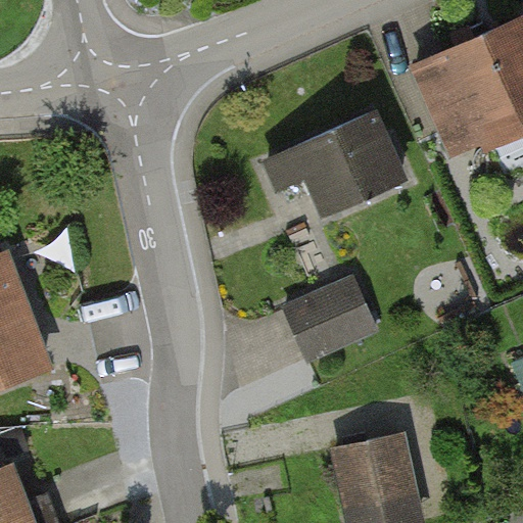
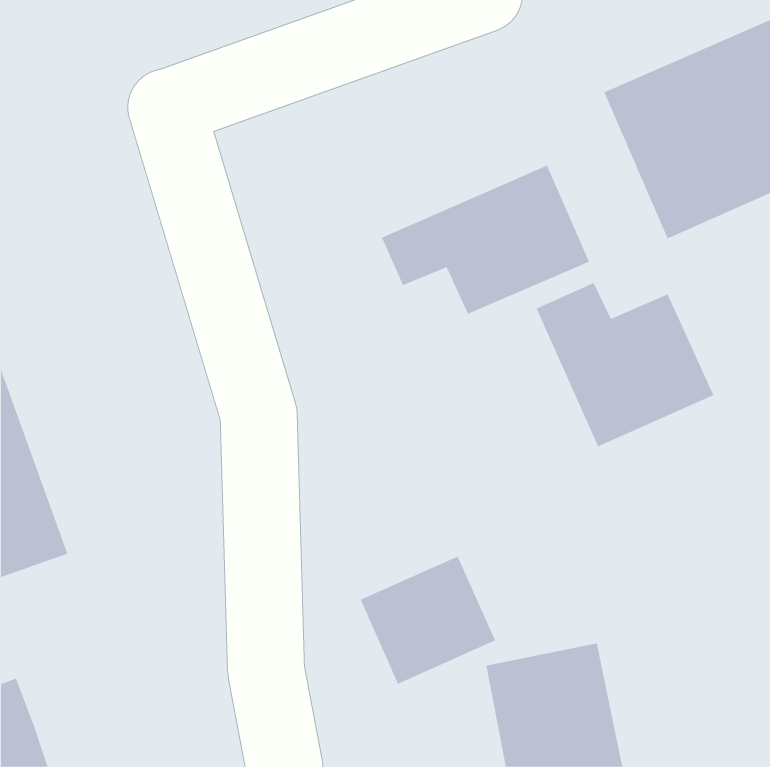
building: none -> [536,282,714,447]
building: [282,279,374,366] -> [360,556,496,684]

